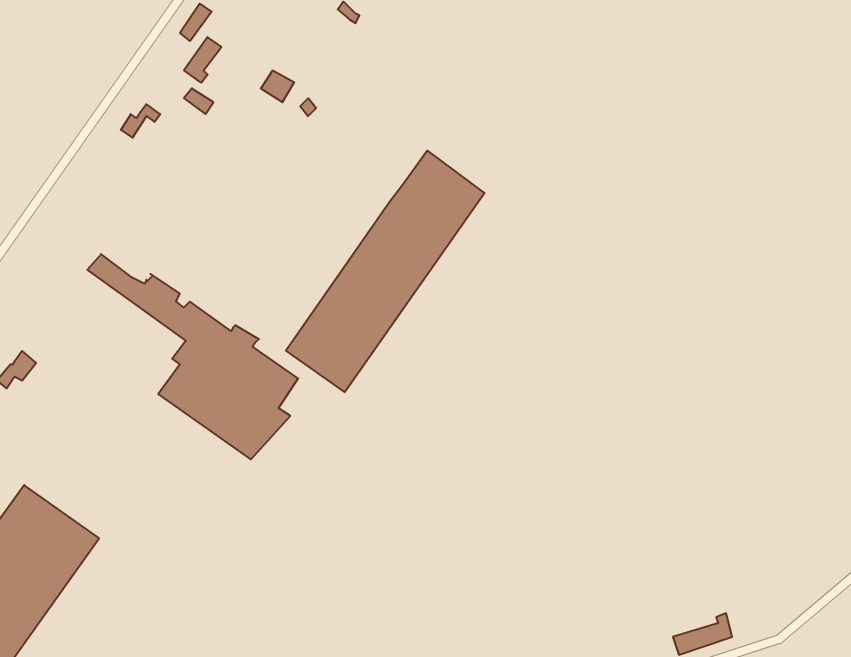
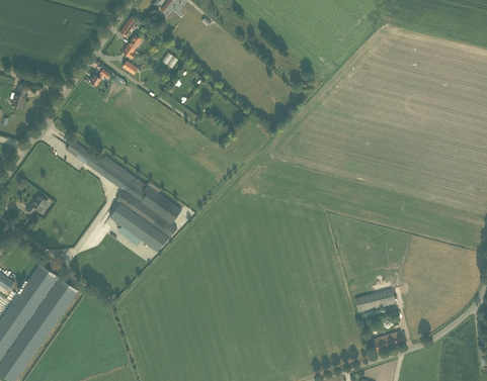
building: [286,151,484,392] -> none
building: none -> [354,289,395,312]

